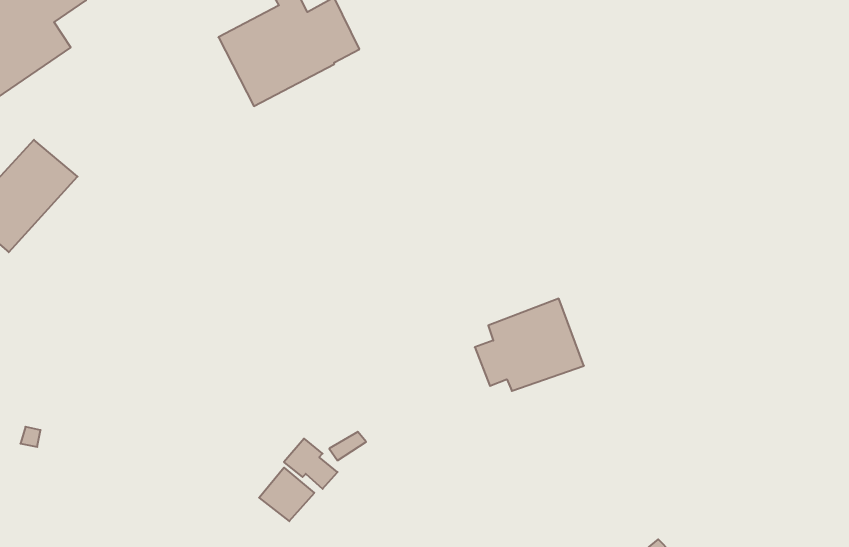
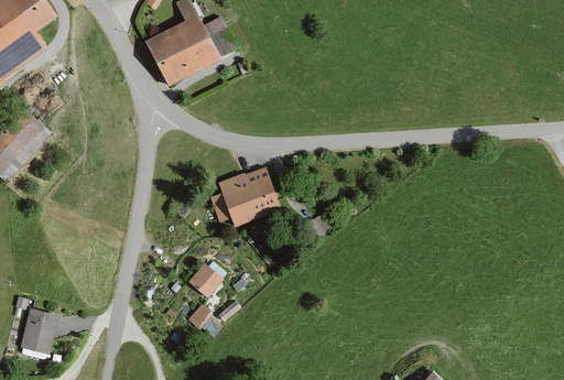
building: [475,299,584,391] -> [209,165,281,226]
building: none -> [19,307,58,355]
building: [259,468,314,521] -> [187,262,224,297]

